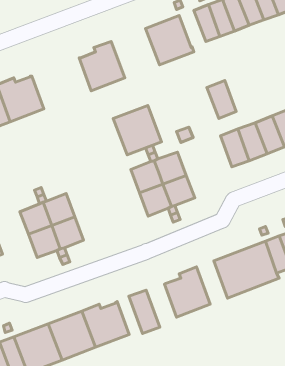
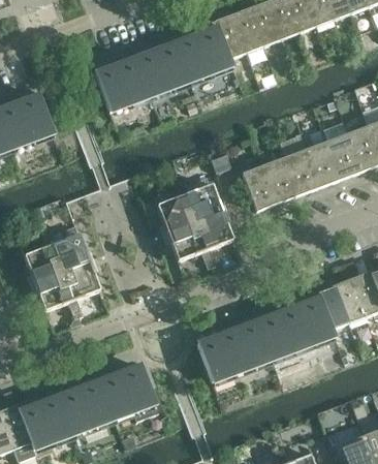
building: none -> [216,14,248,59]
building: [207,81,236,119] -> [244,164,279,210]
building: [113,106,162,155] -> [134,36,192,95]
building: [129,290,160,333] -> [237,314,274,366]

